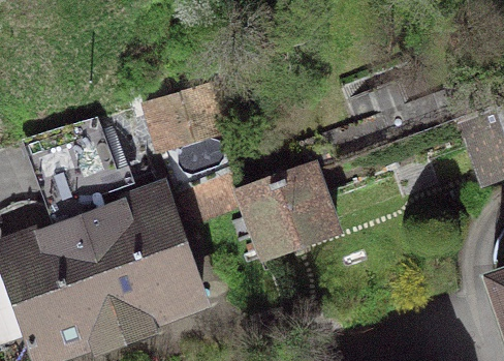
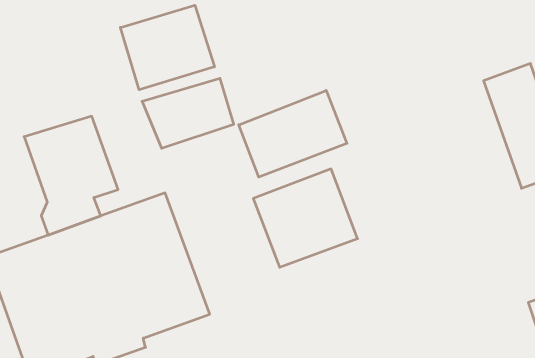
building: none -> [120,5,214,90]
building: none -> [239,90,347,177]

